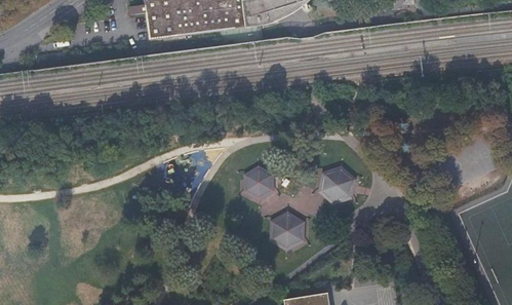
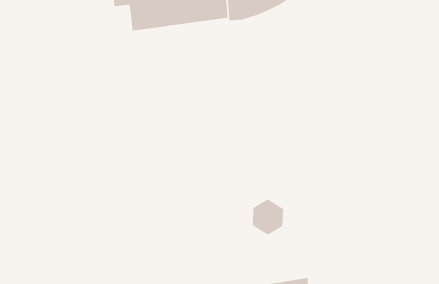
building: [245,166,271,195] -> none
building: [319,166,353,201] -> none

